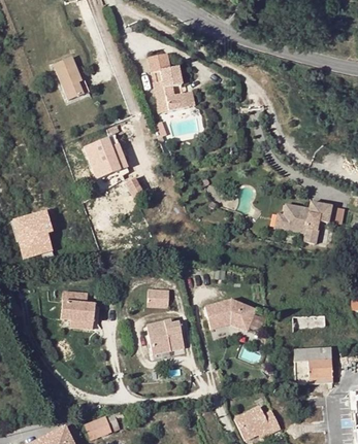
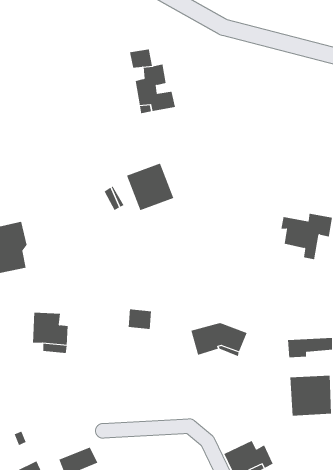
building: [54,57,90,100] -> none
building: [85,135,128,178] -> [126,163,174,211]
building: [145,320,184,353] -> none

